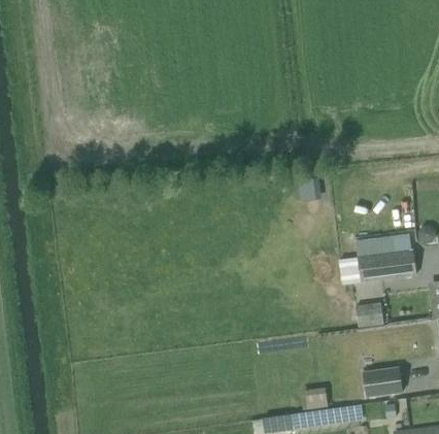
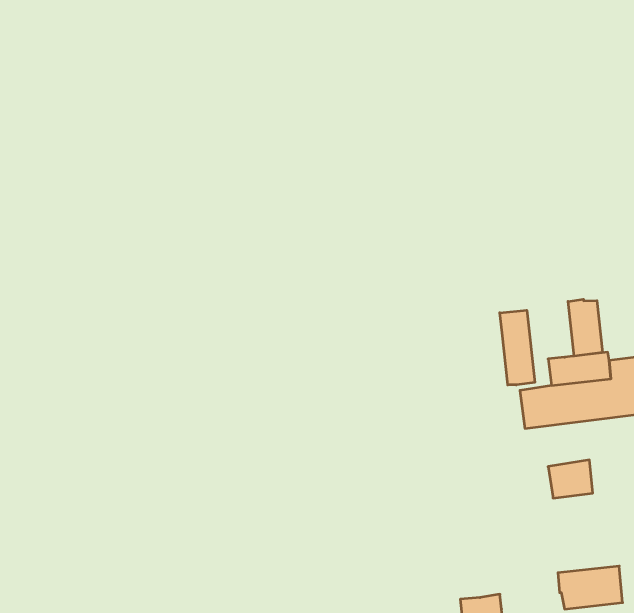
building: none -> [568,299,602,356]
building: none -> [500,310,535,385]

